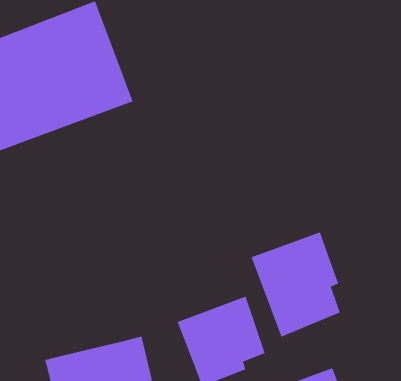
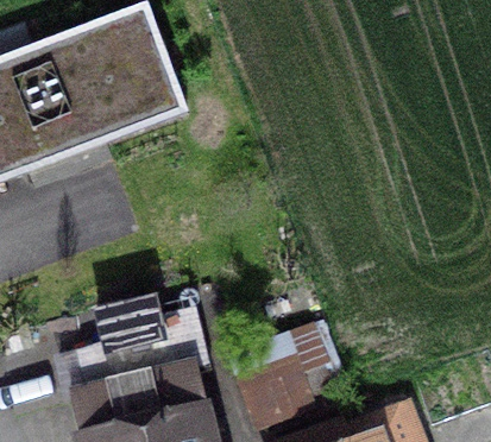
building: [251,231,340,338] -> none
building: none -> [87,307,172,393]

